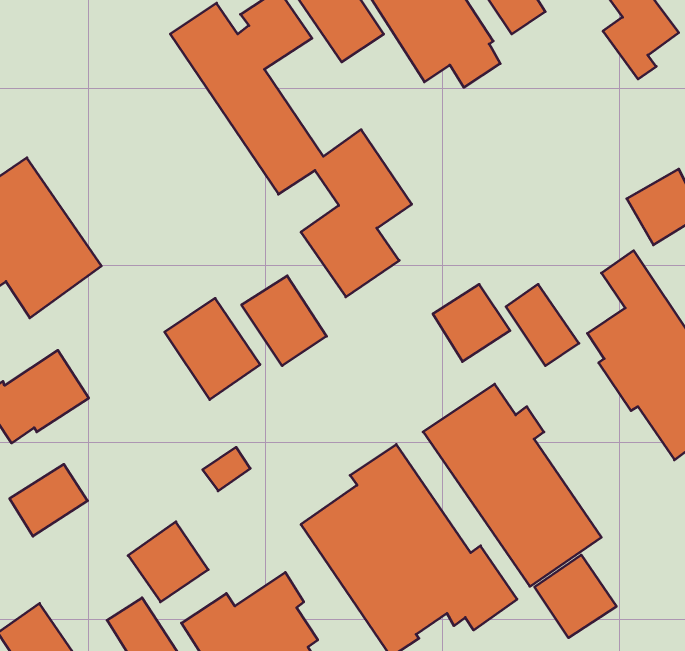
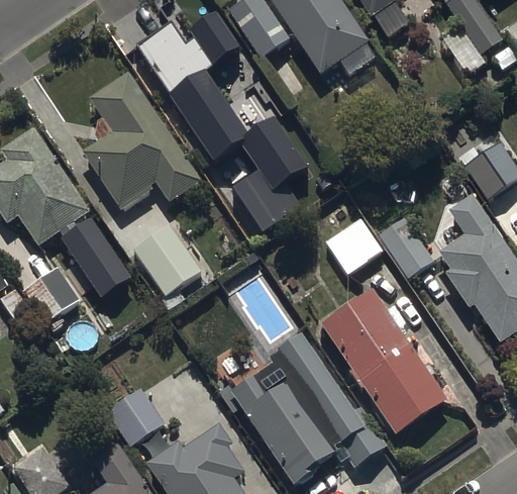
building: none -> [84,73,201,208]
building: [242,276,327,366] -> none
building: none -> [61,213,131,293]
building: [10,464,88,536] -> none
building: [535,555,616,638] -> none

